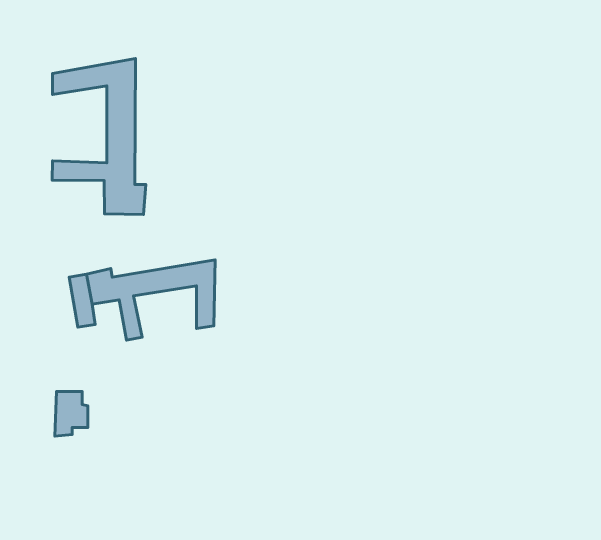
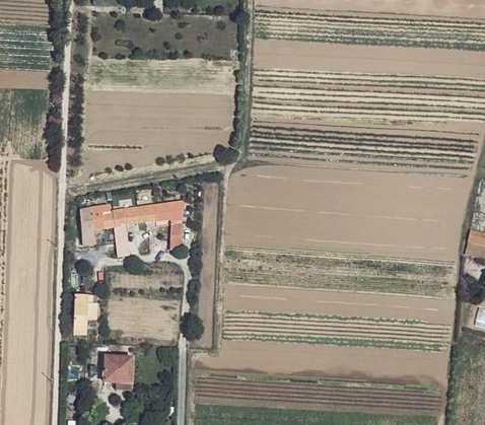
building: [52,58,146,215] -> none
building: none -> [105,353,131,389]

